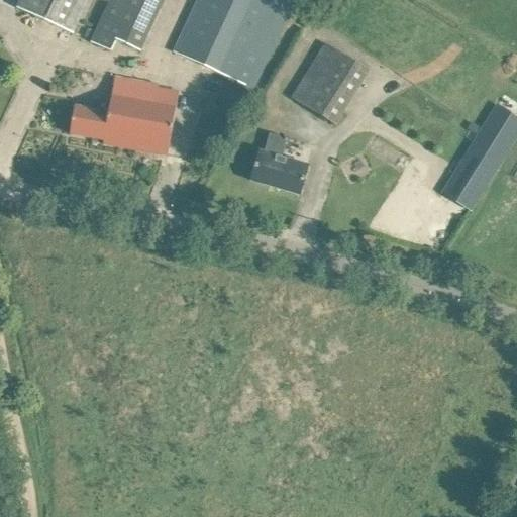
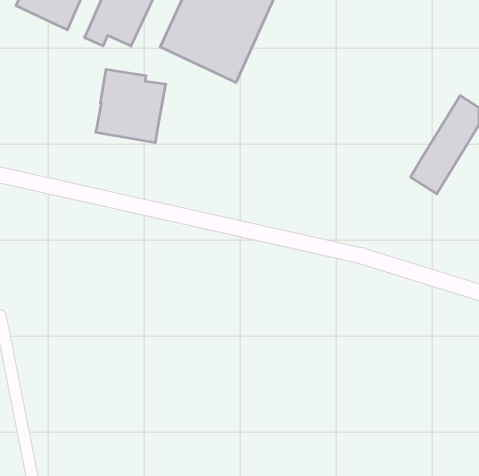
building: [292,44,367,123] -> none
building: [70,105,109,138] -> none
building: [251,131,309,193] -> none

